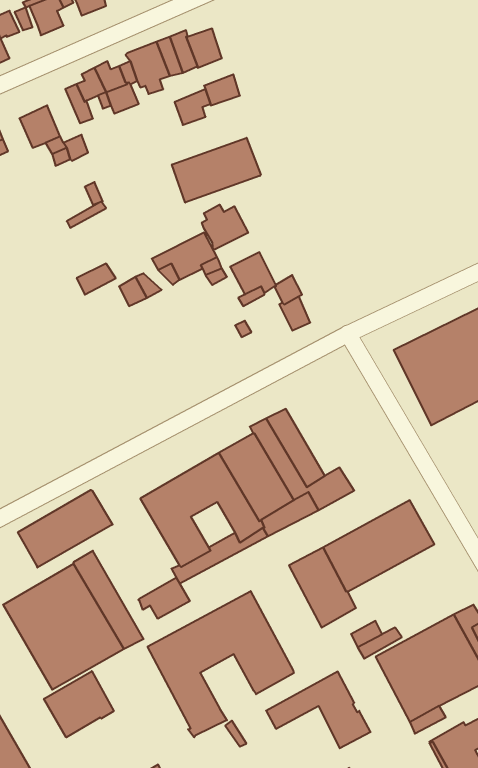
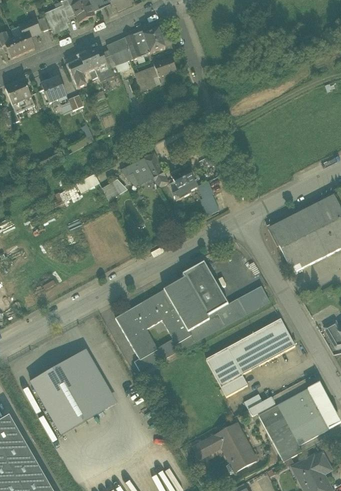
building: [172,138,261,203] -> none
building: [202,205,248,250] -> none
building: none -> [237,285,269,312]
building: [18,490,113,568] -> none
building: [138,578,190,619] -> none
building: [148,591,294,737] -> none
building: [44,671,114,737] -> none

